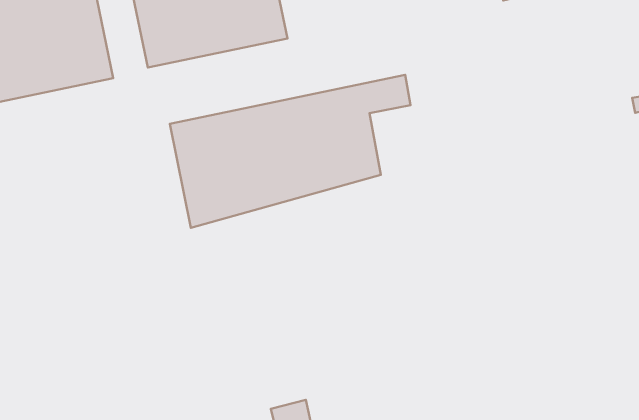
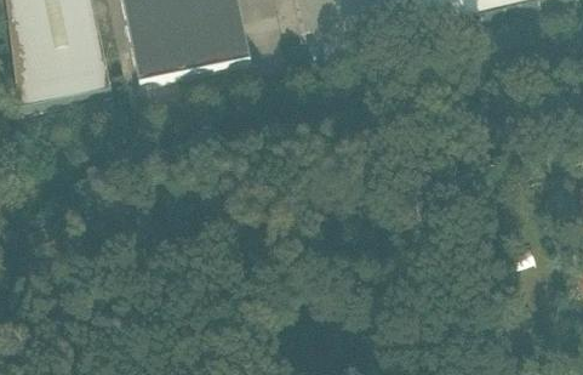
building: [170,75,411,228] -> none

